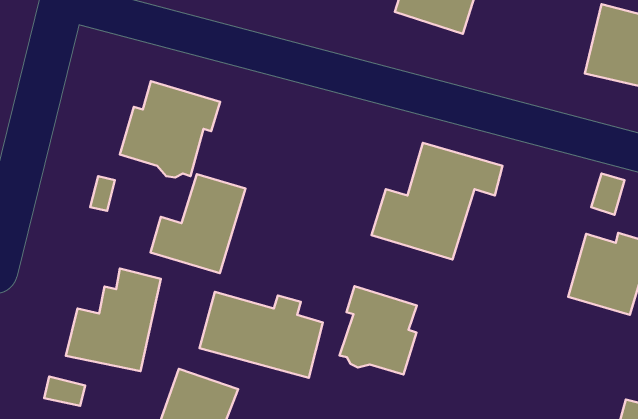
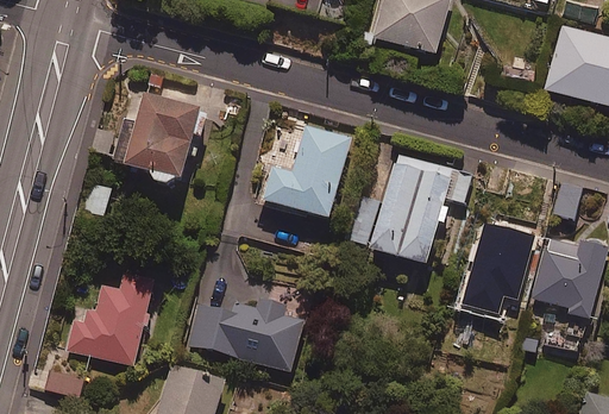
building: [151,174,246,273] -> [263,125,351,217]
building: none -> [463,221,535,314]
building: [340,286,417,374] -> none

